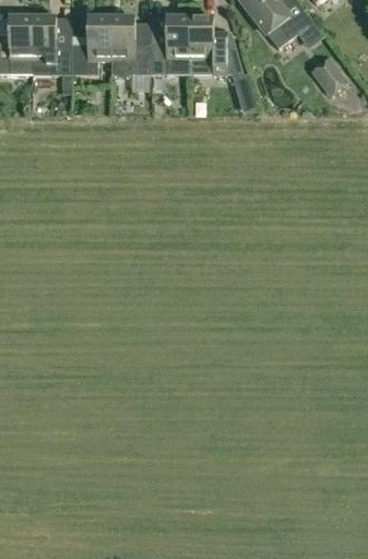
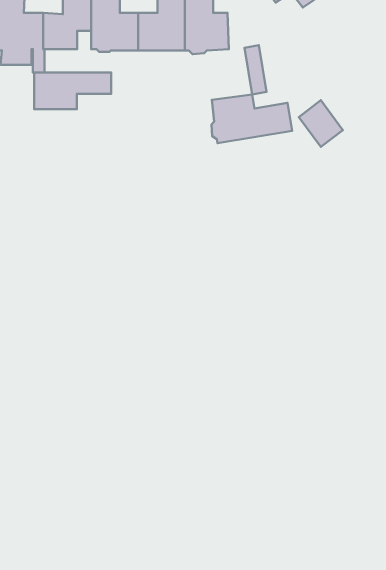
building: [310,56,347,95] -> [299,100,343,147]
building: none -> [34,72,111,109]
building: none -> [212,95,292,143]

